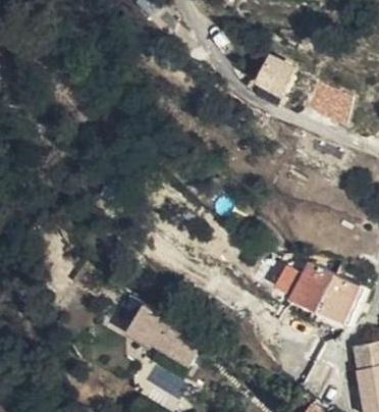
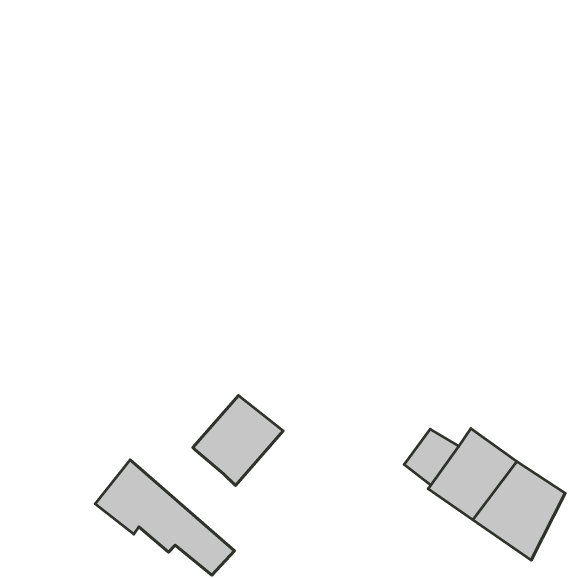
building: [258,58,299,97] -> none
building: none -> [193,396,283,486]

